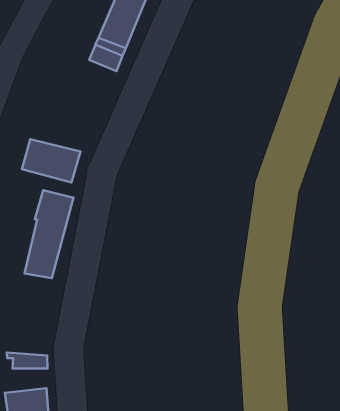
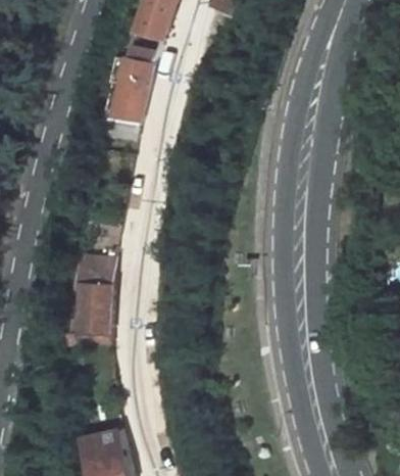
building: [22,139,80,182] -> none

